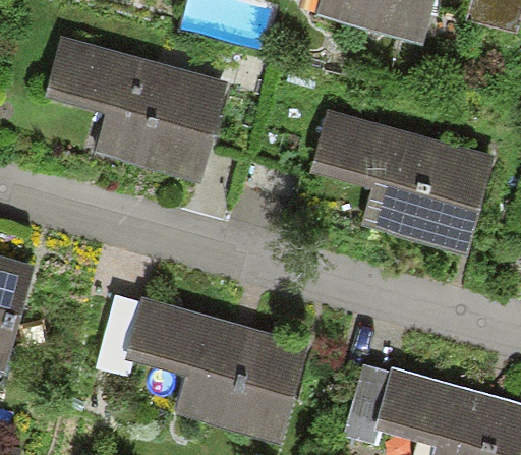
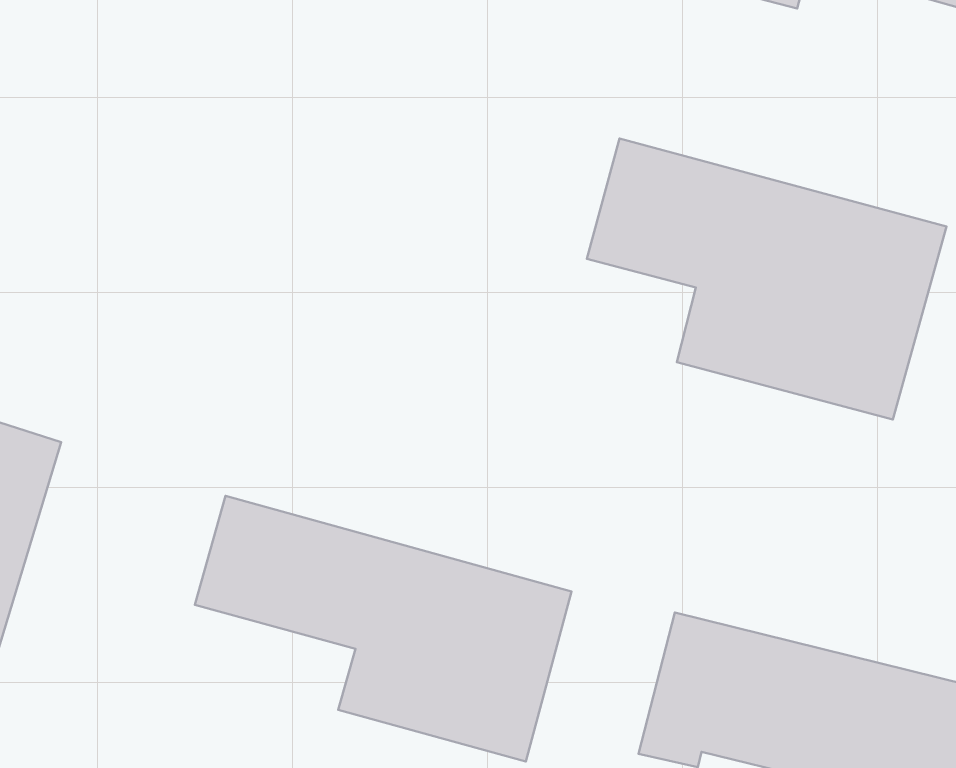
building: [44,40,223,177] -> none

